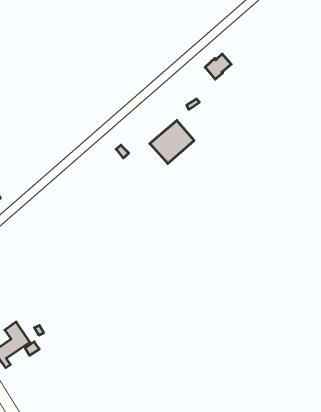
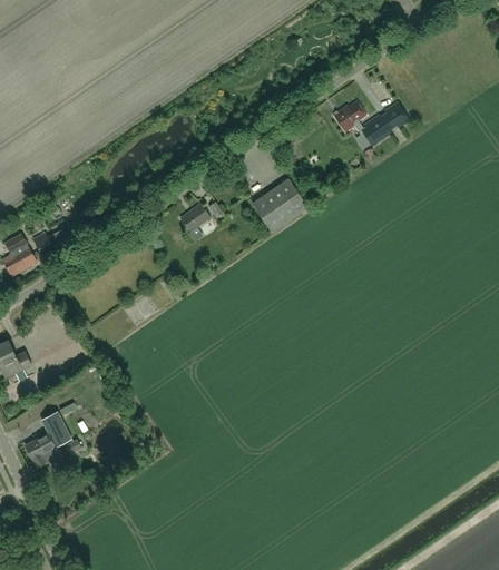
building: none -> [360,102,410,146]
building: none -> [179,203,211,233]

